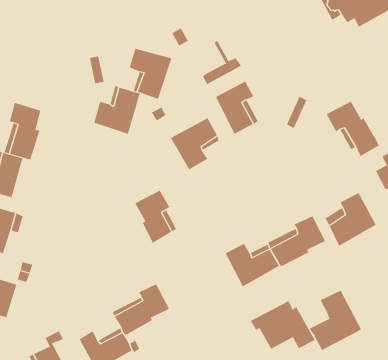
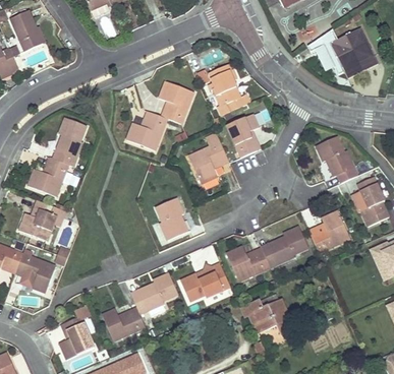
building: none -> [209,63,237,106]
building: none -> [180,264,230,301]
building: [309,290,362,351] -> none

